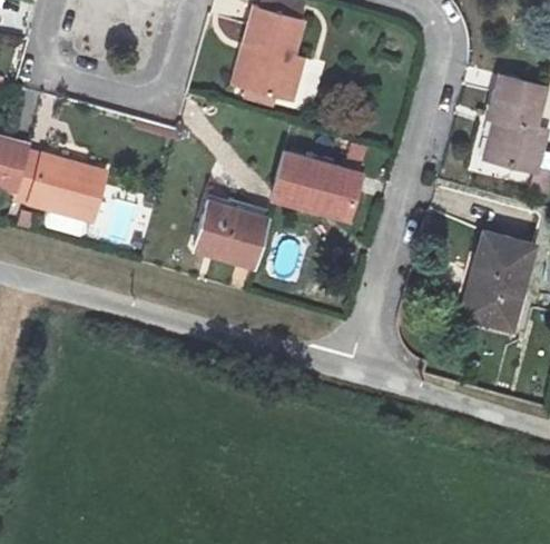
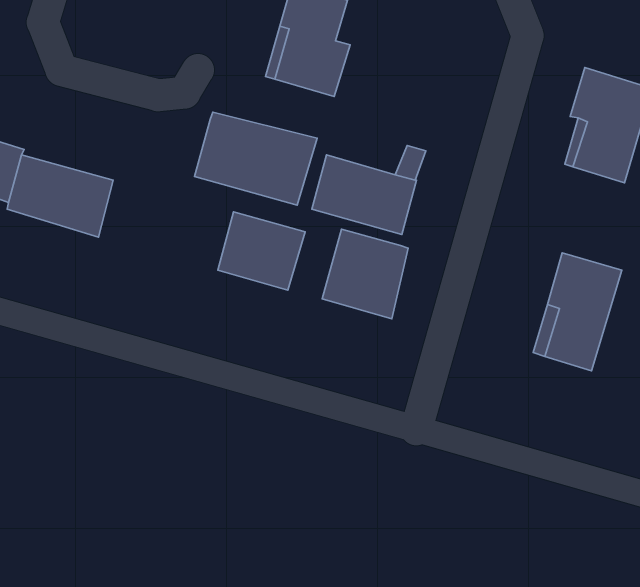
building: none -> [194,112,317,205]
building: none -> [322,229,408,319]

